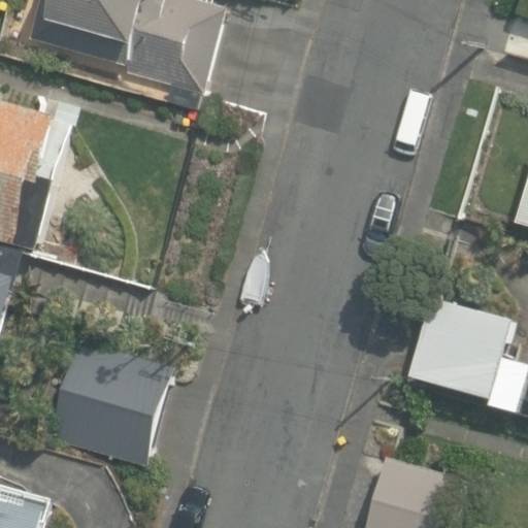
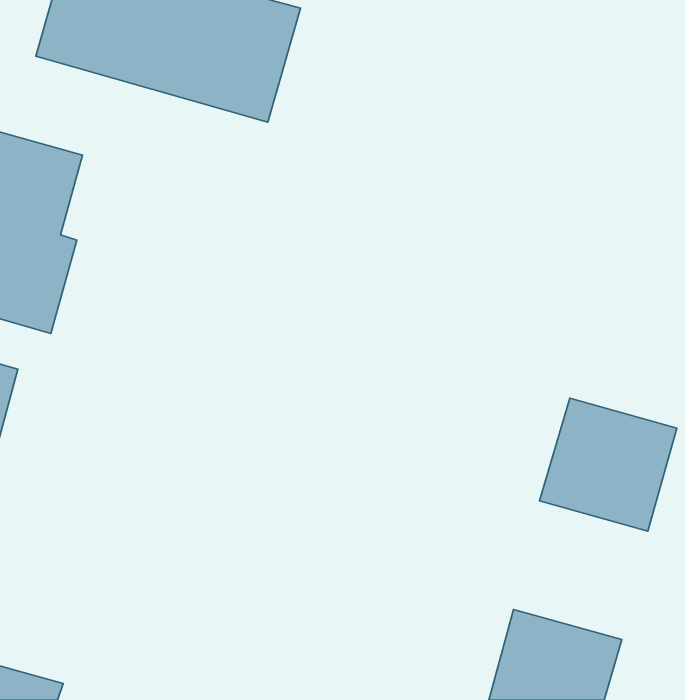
building: [45,339,171,463] -> none

